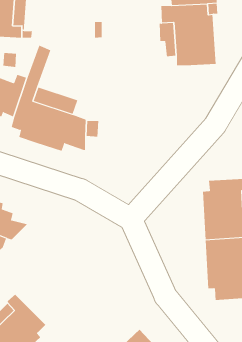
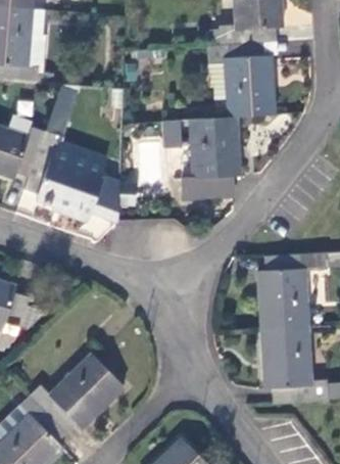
building: none -> [162,117,240,202]
building: none -> [31,353,125,432]

